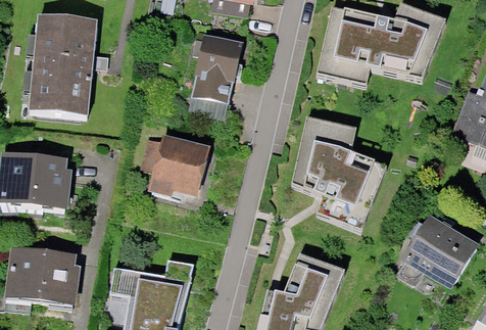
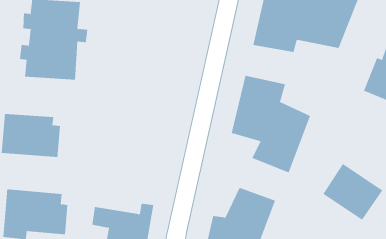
building: [185,31,247,119] -> none
building: [150,133,218,199] -> none

